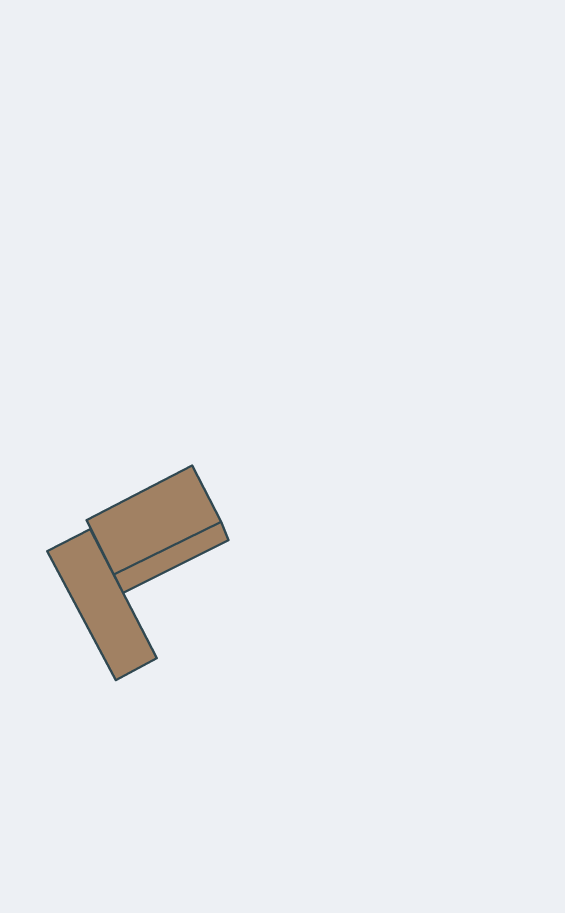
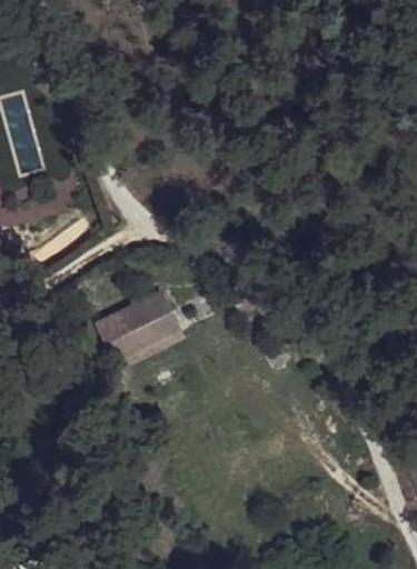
building: [47,529,157,680] -> none

